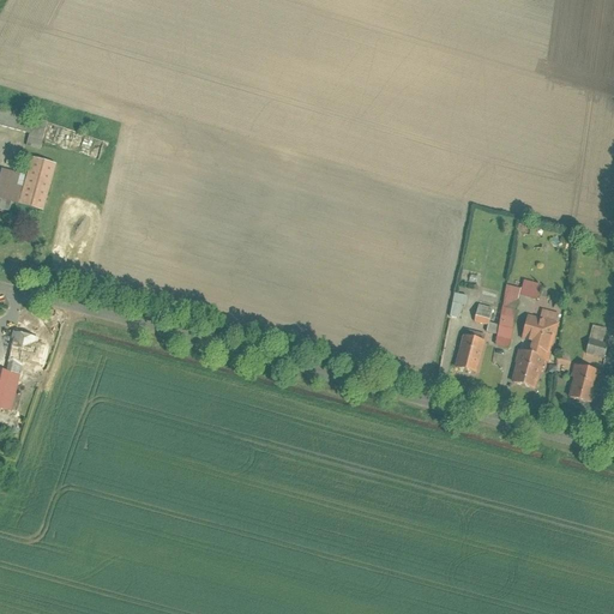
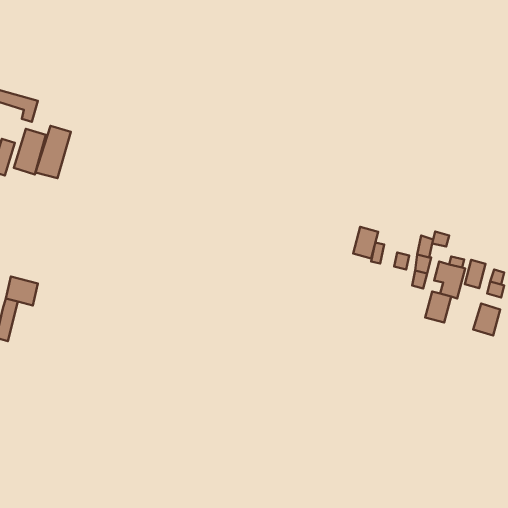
building: none -> [36,126,71,178]
building: none -> [465,260,486,288]
building: [455,333,484,372] -> [353,227,378,259]

